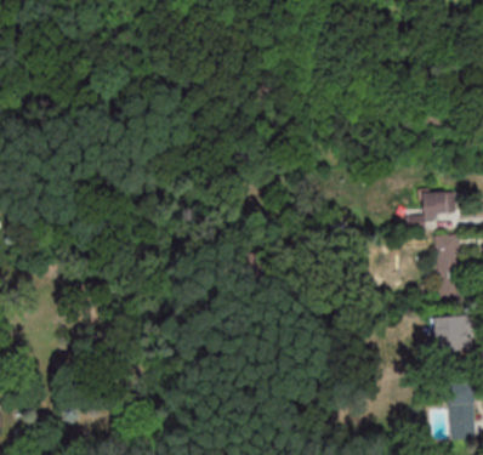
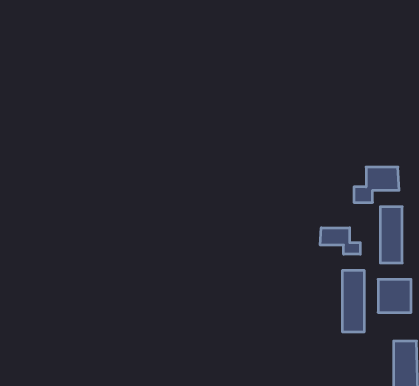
building: none -> [320,228,360,254]
building: none -> [343,270,364,332]

